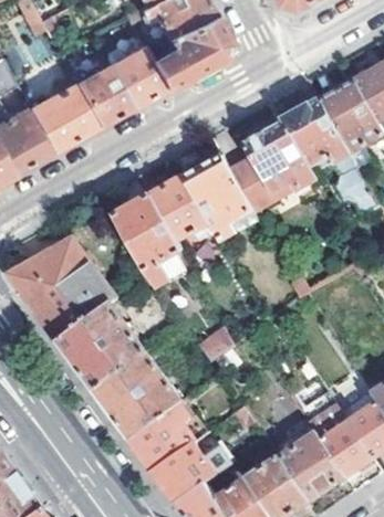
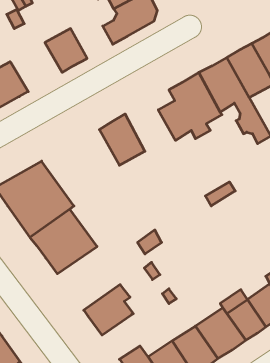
building: [108,42,165,102] -> none
building: [29,81,97,146] -> none
building: [181,157,249,240] -> none
building: [112,197,180,288] -> none
building: [91,352,178,437] -> none
building: [151,443,229,503] -> none

